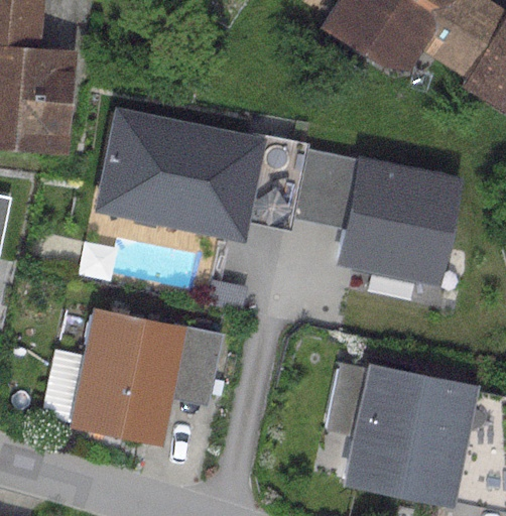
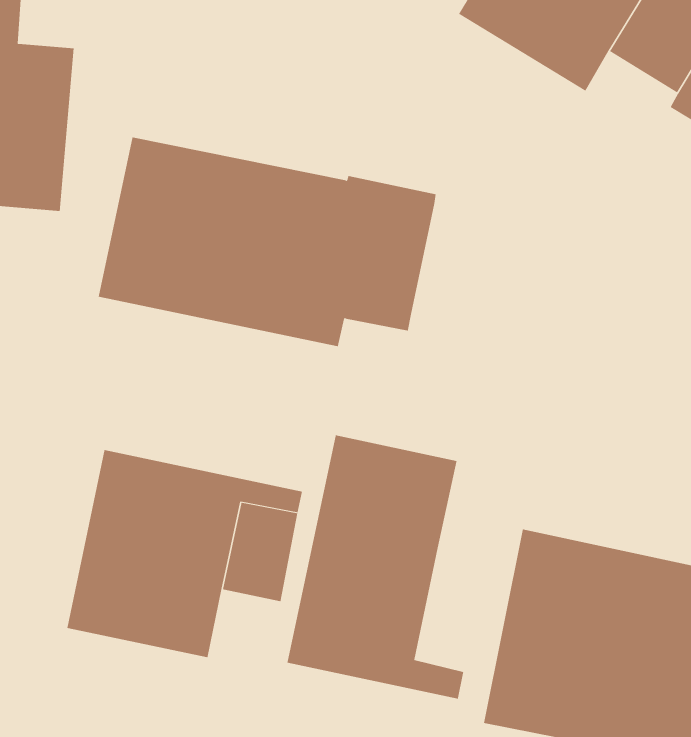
building: [291,149,461,284] -> none
building: none -> [287,434,464,699]

